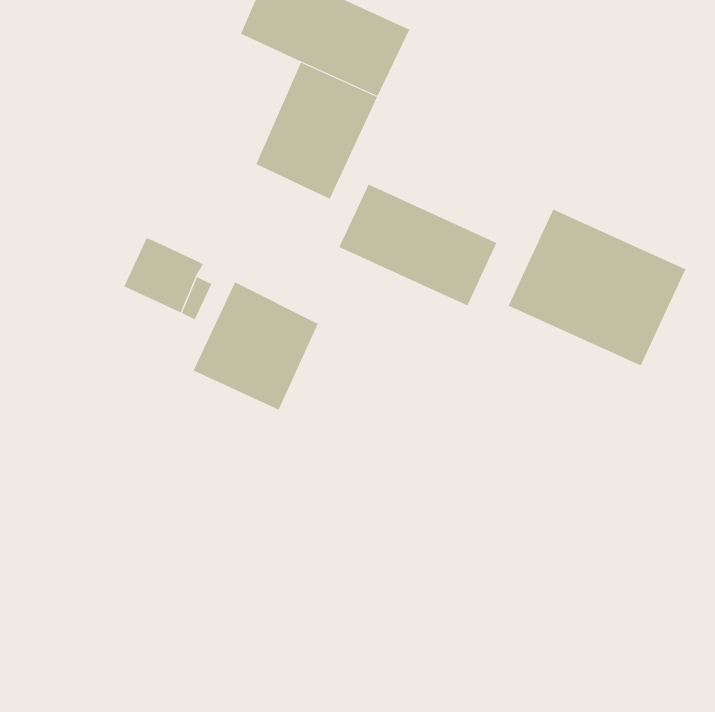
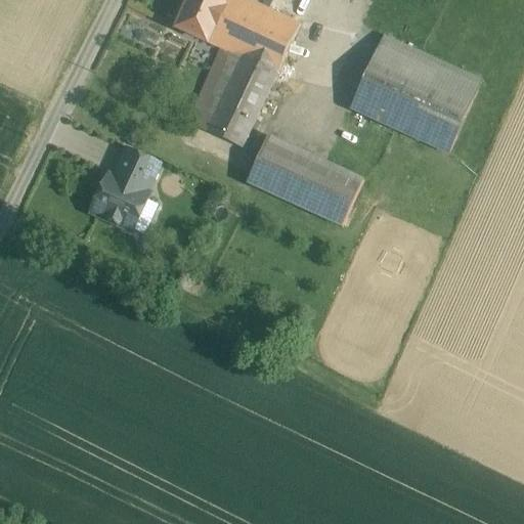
building: none -> [112,146,158,190]
building: [508,209,686,366] -> [350,35,480,149]
building: [193,281,319,411] -> none

